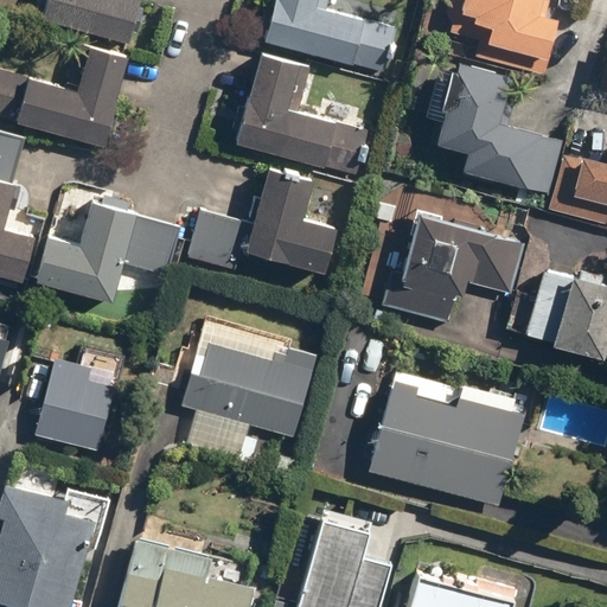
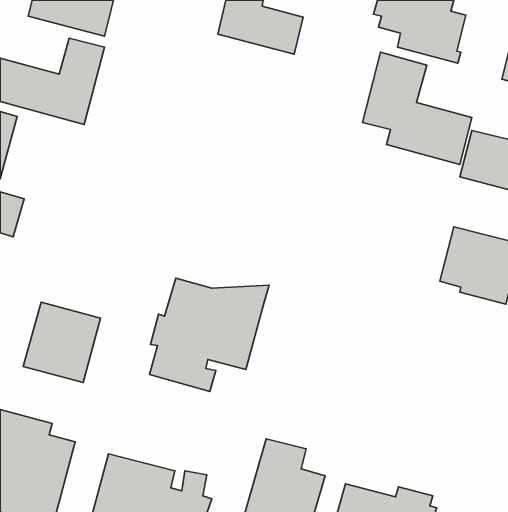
building: [236,55,334,166] -> none
building: [190,170,337,274] -> none
building: [33,203,183,305] -> none
building: [384,212,526,325] -> none
building: [366,375,524,507] -> none

